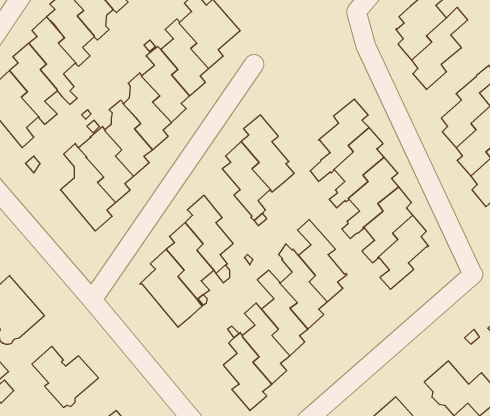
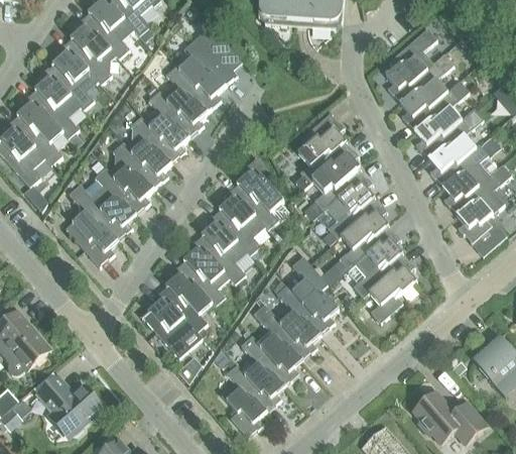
building: none -> [414,80,469,158]
building: none -> [293,111,346,190]
building: none -> [203,207,248,285]

